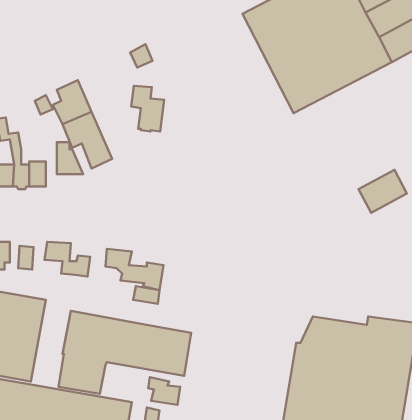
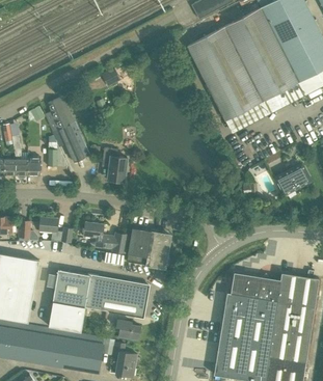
building: [131,86,164,132] -> [102,148,127,183]
building: none -> [127,228,171,269]

